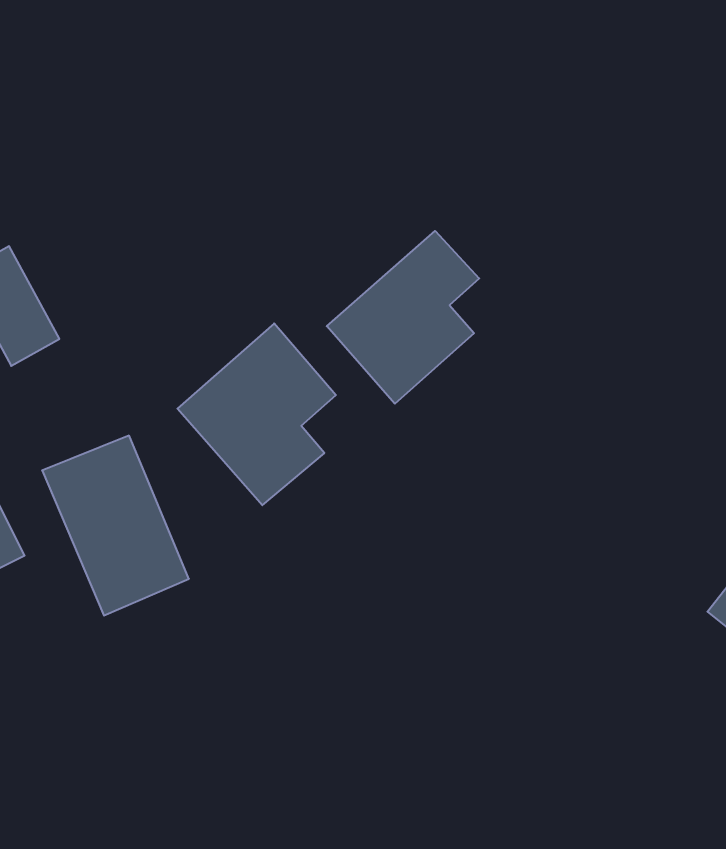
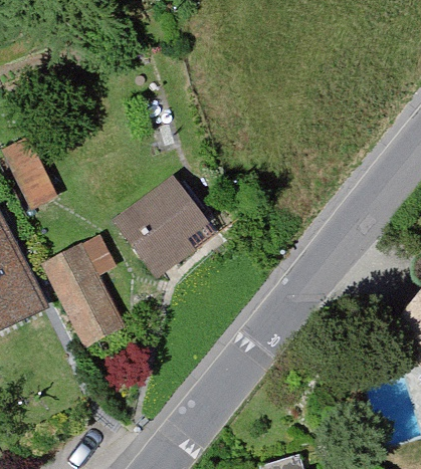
building: [327,231,479,404] -> none

